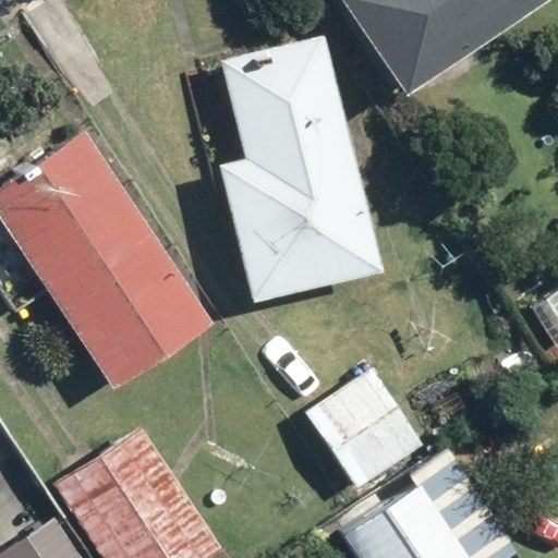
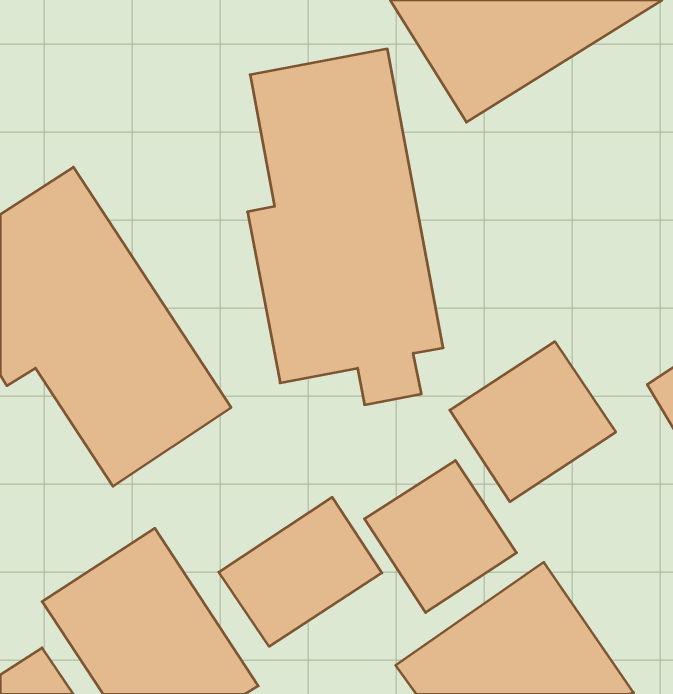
building: none -> [450,342,616,502]
building: none -> [219,497,382,646]

